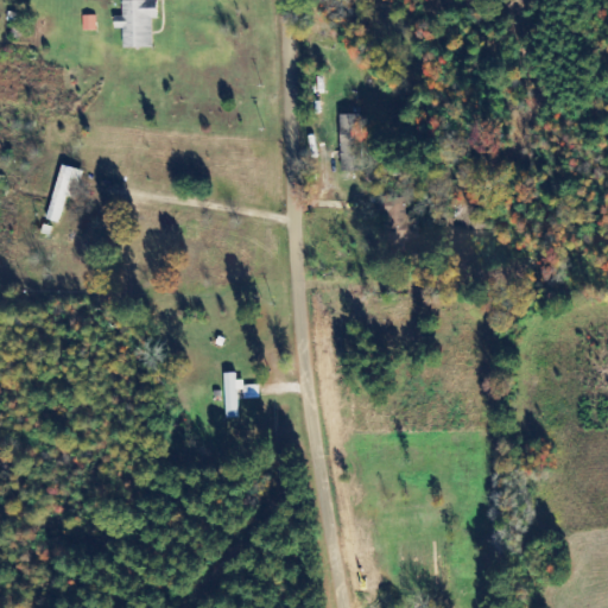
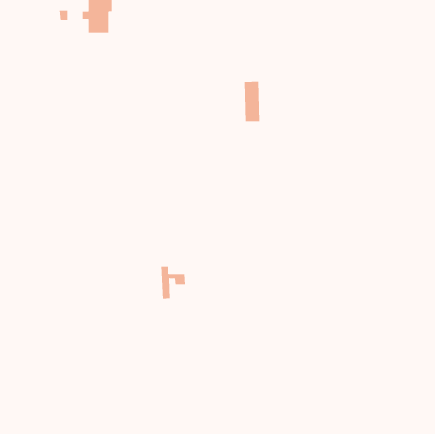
building: [46,164,83,222] -> none

